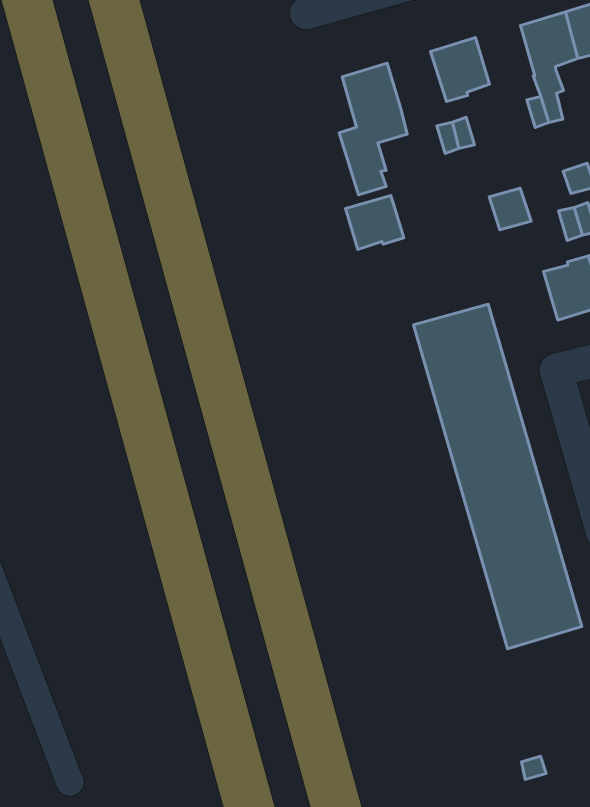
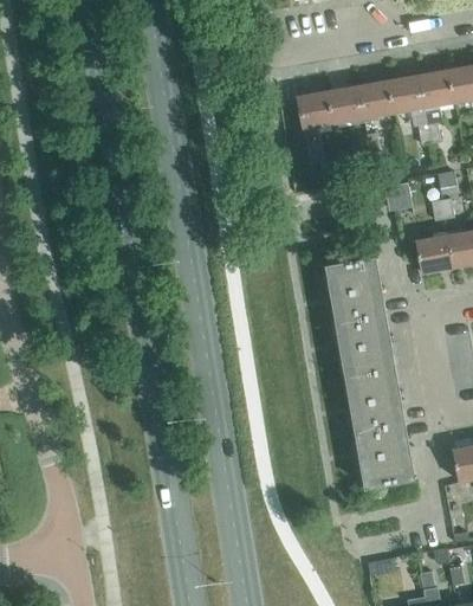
building: none -> [388,76,425,112]
building: none -> [328,86,364,123]
building: [345,195,404,250] -> none

